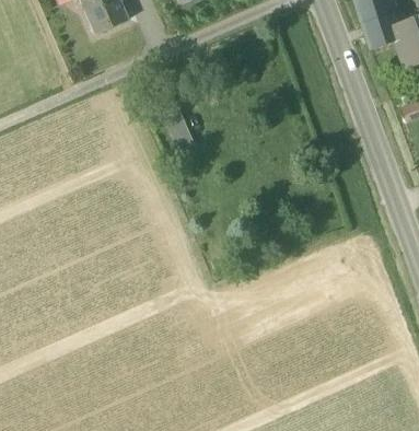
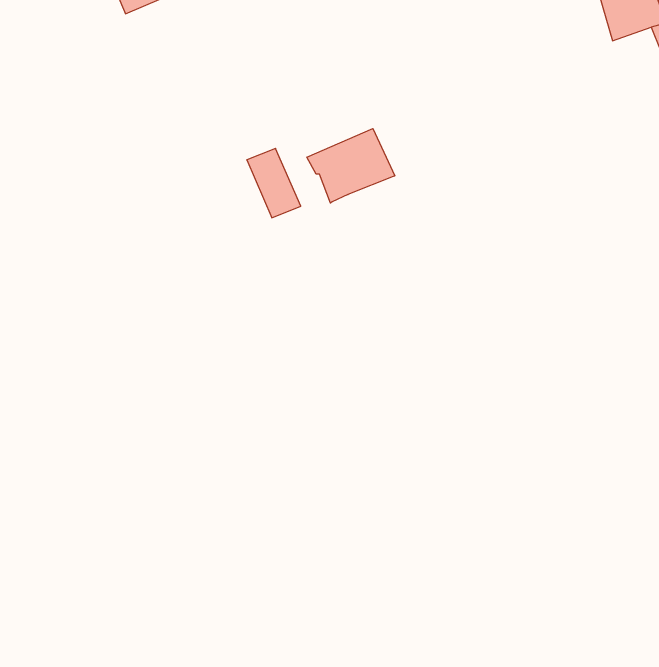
building: none -> [307,129,395,203]

